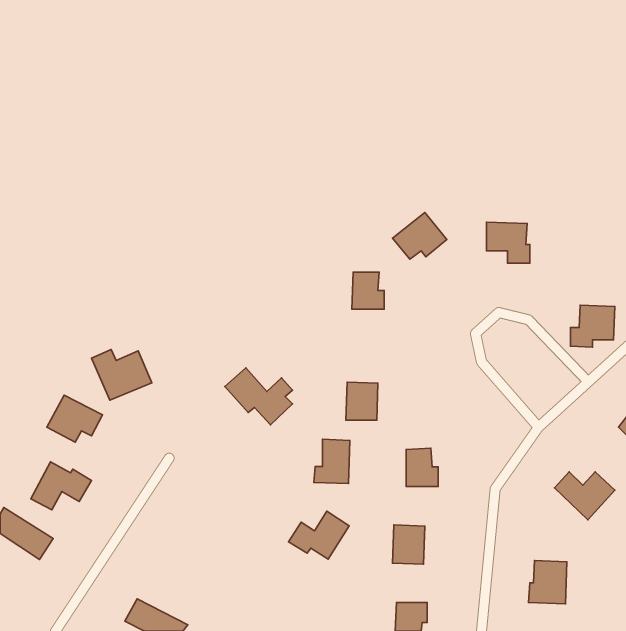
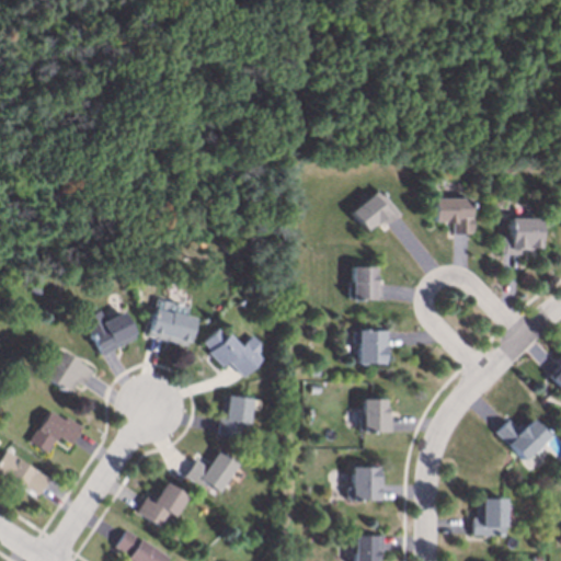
building: [352,272,384,309] -> [354,266,382,299]
building: [570,305,615,347] -> [503,217,542,254]
building: none -> [151,300,196,345]
building: [346,382,378,420] -> [359,330,388,364]
building: [314,439,350,484] -> [219,397,251,436]
building: [289,511,349,559] -> [186,449,240,492]
building: none -> [137,482,190,531]

